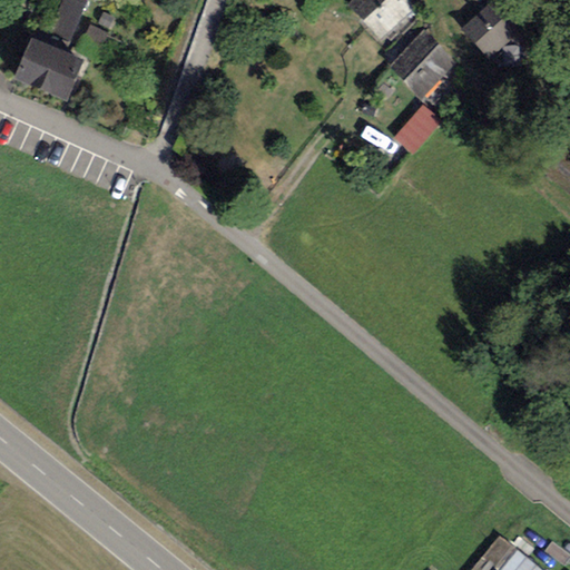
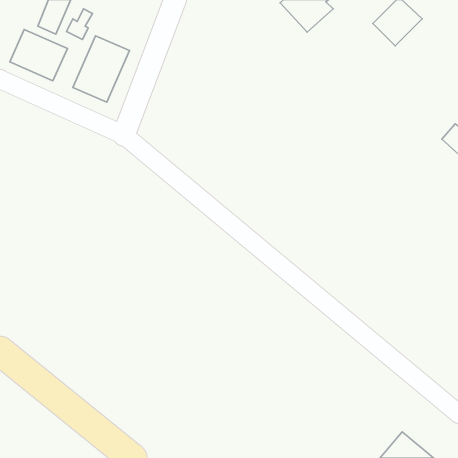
building: [389,30,459,99] -> none
building: none -> [73,36,129,102]
building: [399,102,448,153] -> none

